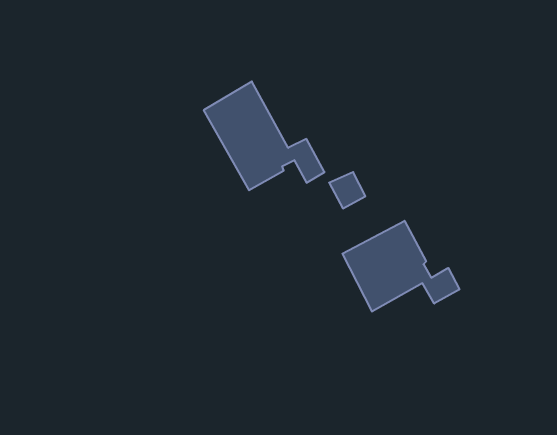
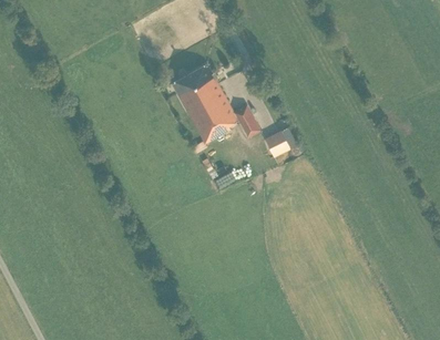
building: [342,221,459,312] -> none

